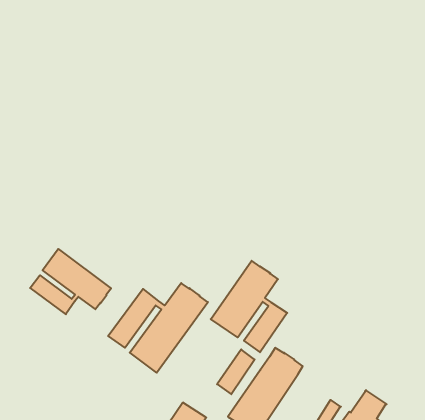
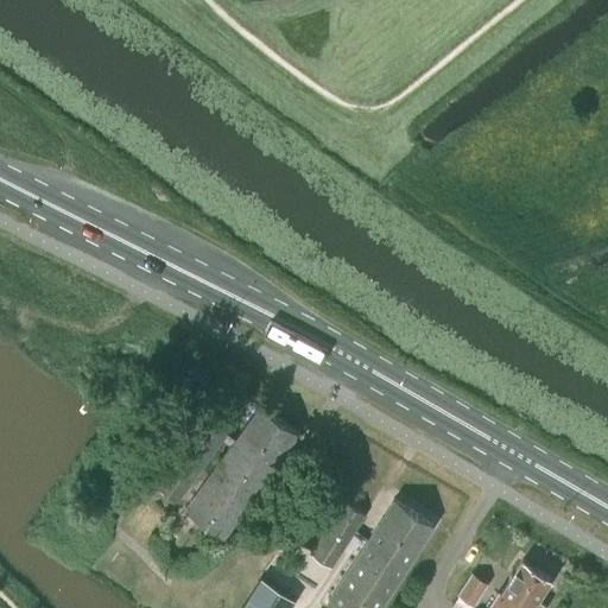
building: [30,249,111,314] -> none
building: [211,261,287,352] -> none

